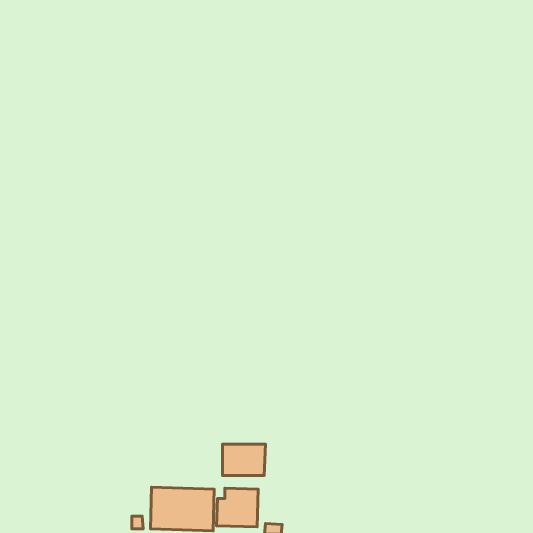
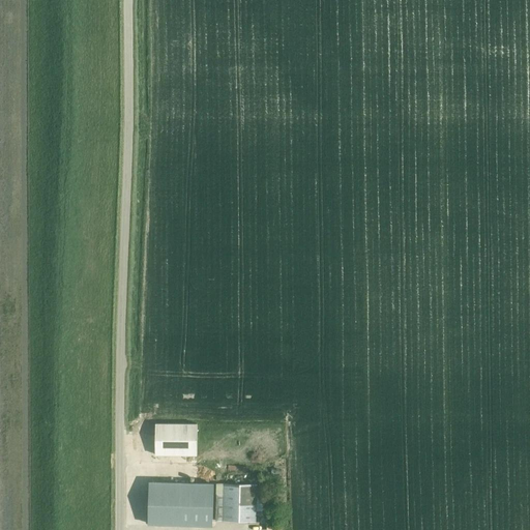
building: [223,444,265,475] -> [154,424,197,455]

